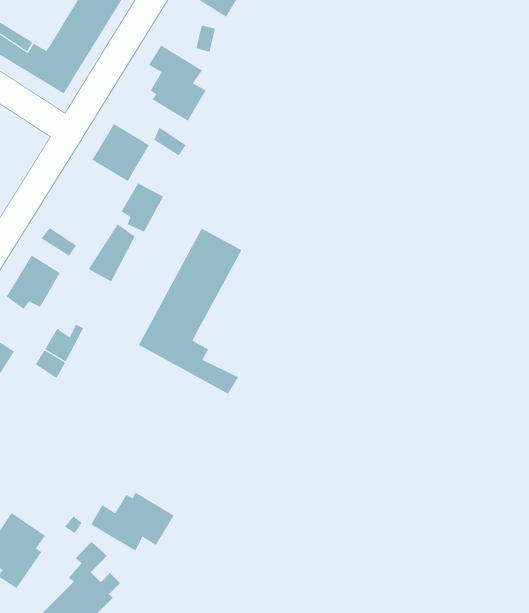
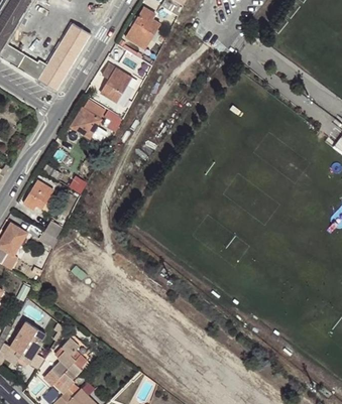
building: [121,182,164,233] -> none
building: [138,228,242,395] -> none
building: [90,492,174,551] -> none

